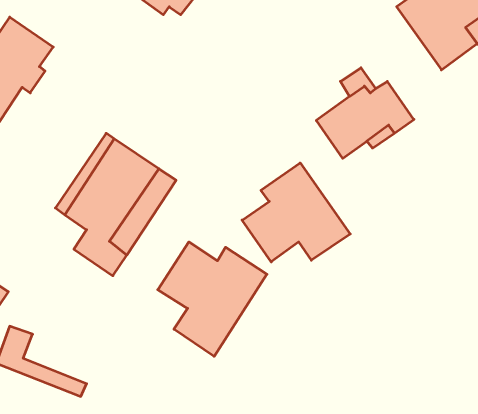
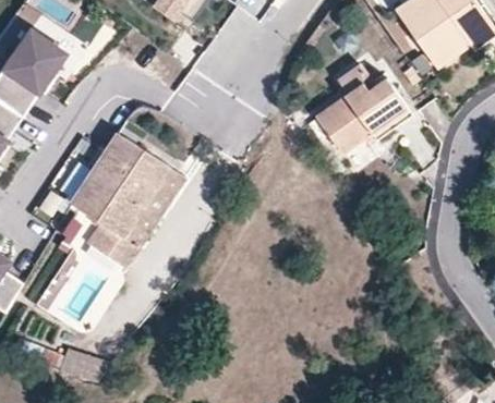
building: [242,163,350,262] -> none
building: [158,242,267,356] -> none

